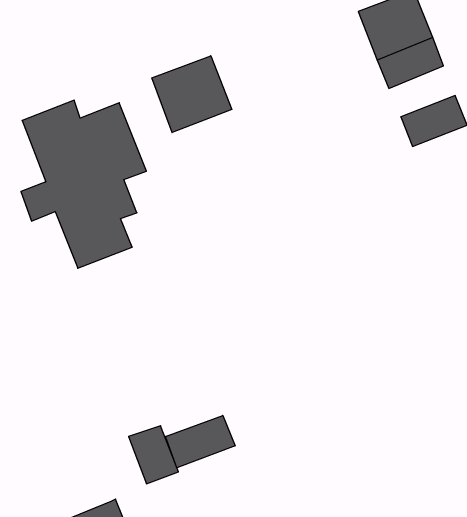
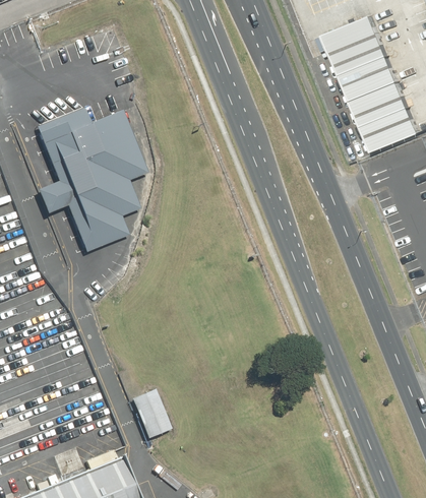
building: [152,56,232,133] -> none
building: none -> [353,82,410,126]
building: [165,415,235,468] -> none

